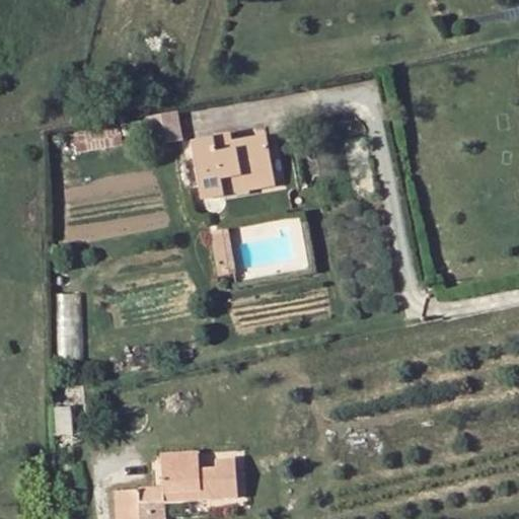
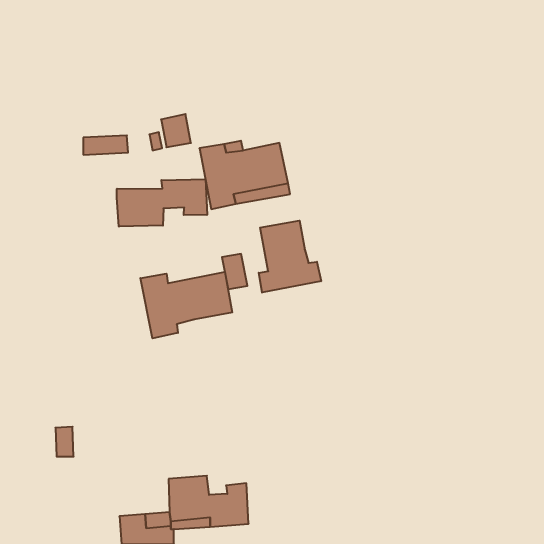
building: none -> [117,179,207,227]
building: none -> [259,221,321,293]
building: none -> [140,272,232,338]

